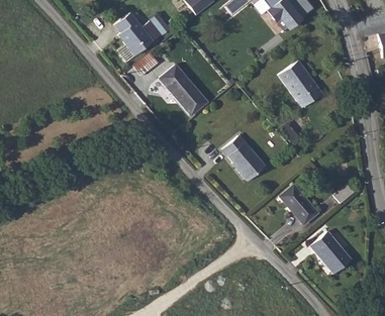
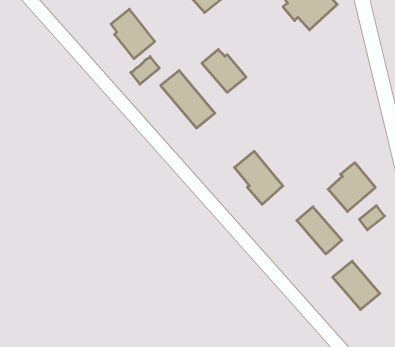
building: none -> [202,49,246,92]
building: [279,61,321,107] -> none
building: none -> [328,163,375,212]

